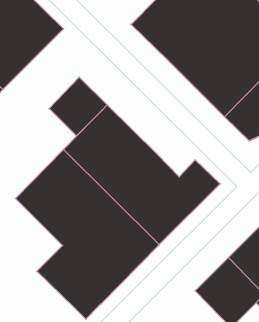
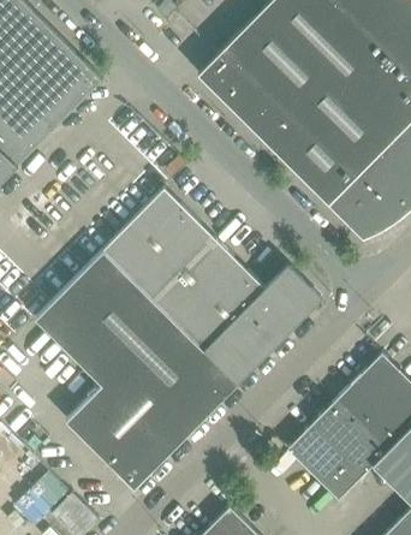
building: [49,77,107,136] -> none

